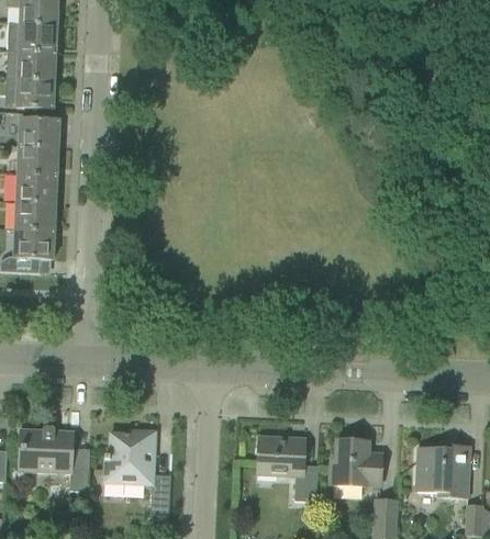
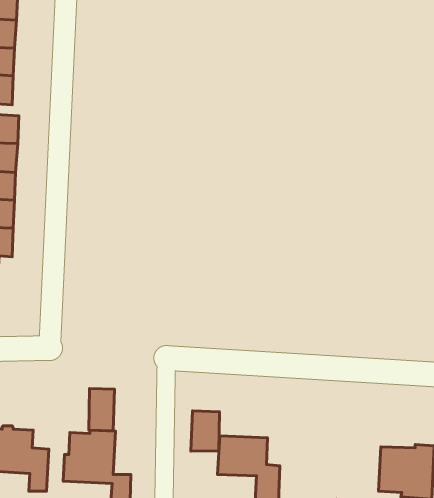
building: none -> [89,389,115,431]
building: none -> [191,411,219,451]
building: [331,439,381,485] -> none

